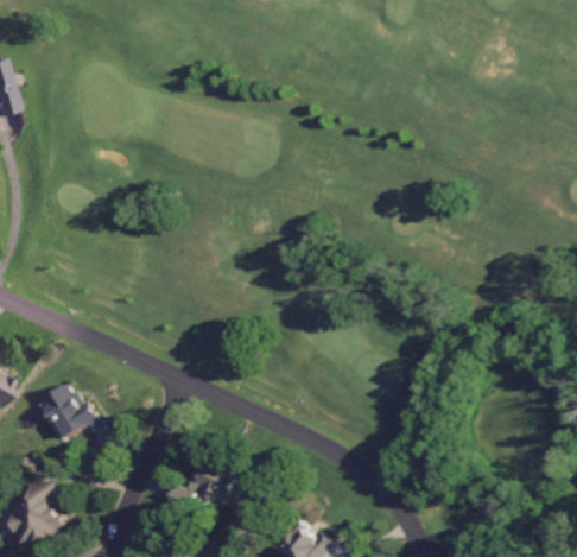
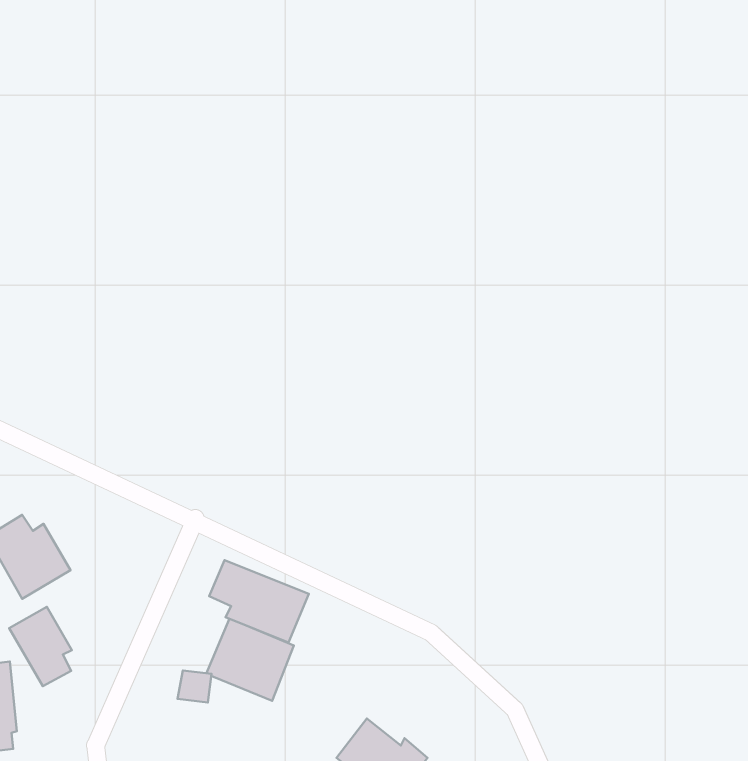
building: none -> [209,560,309,642]
building: none -> [9,607,72,686]

